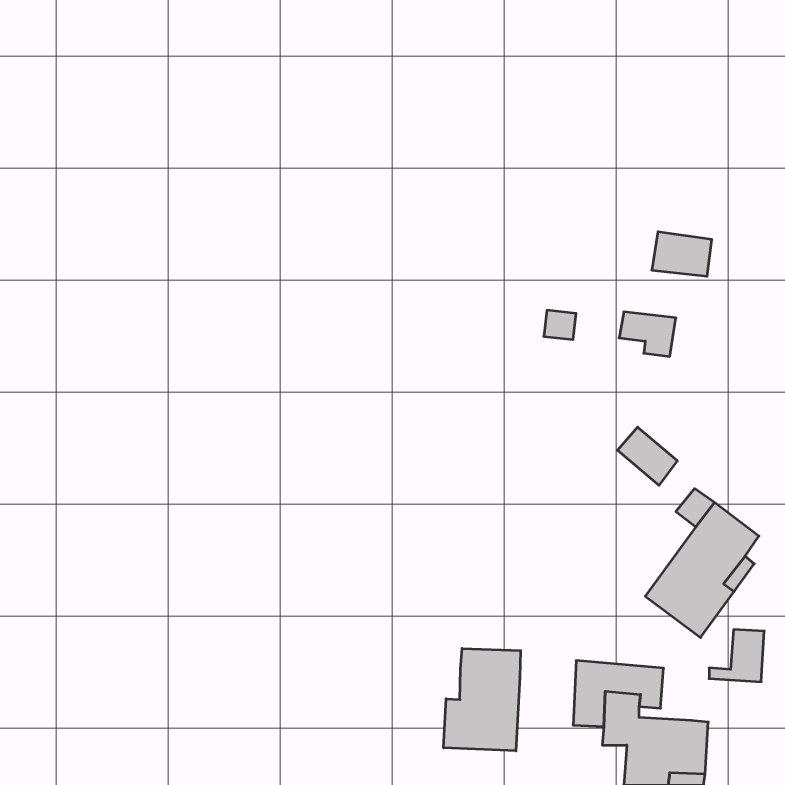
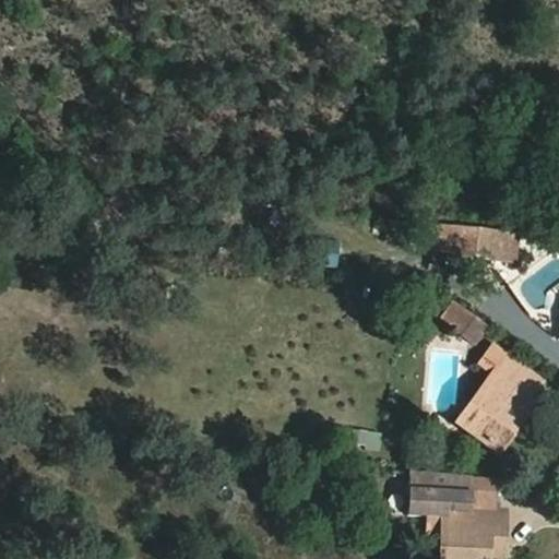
building: [652,232,712,276] -> [476,226,519,258]
building: [709,630,764,682] -> [454,475,493,512]
building: [444,648,521,751] -> none

